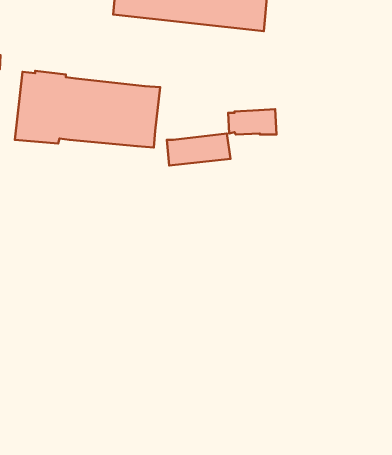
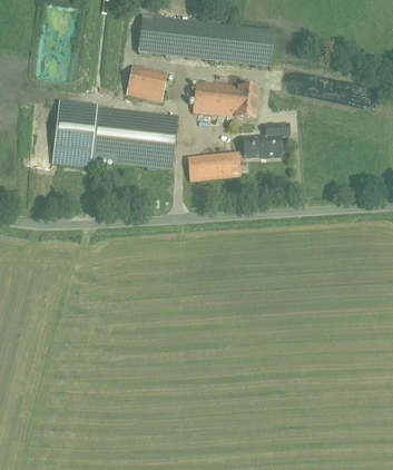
building: none -> [126,63,168,101]
building: none -> [193,81,258,119]

